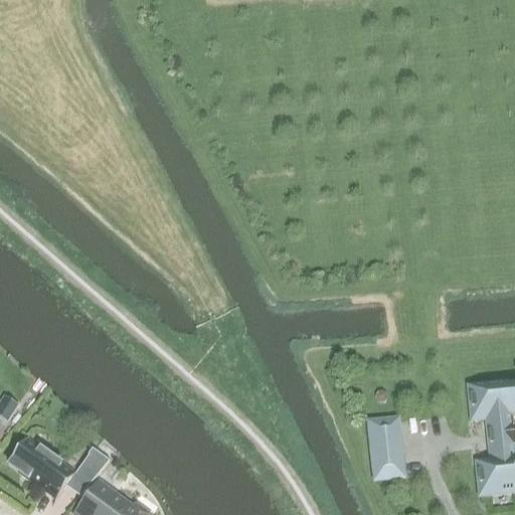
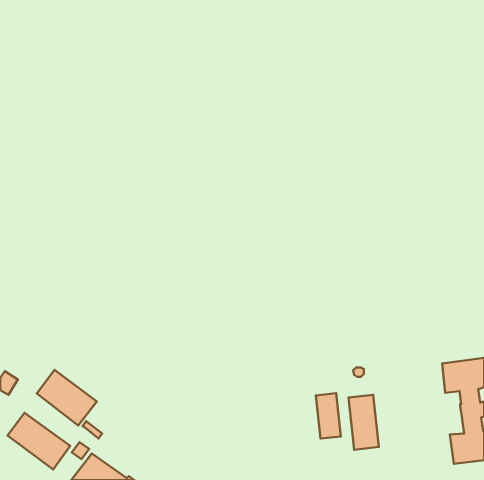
building: none -> [37,370,97,425]
building: none -> [316,393,341,438]

